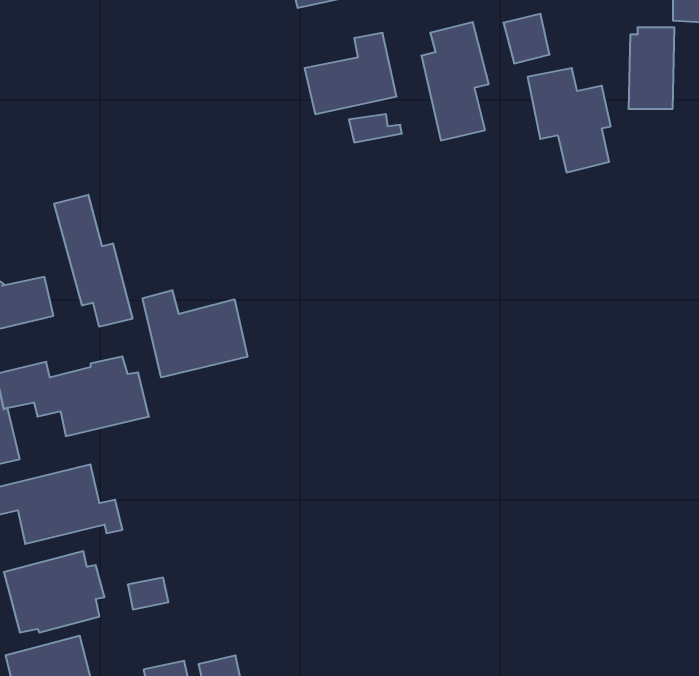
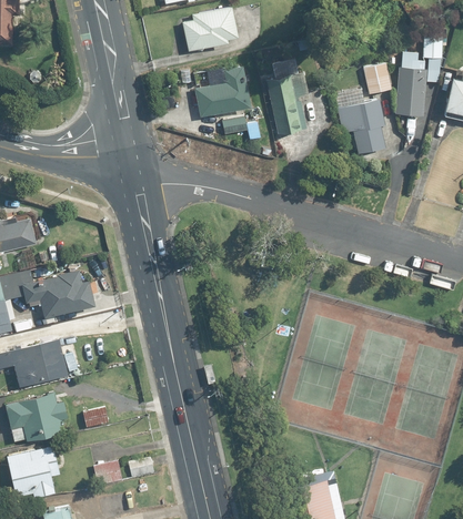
building: [503,14,550,63] -> [362,64,391,95]
building: [54,195,132,327] -> none
building: [143,290,247,377] -> none

